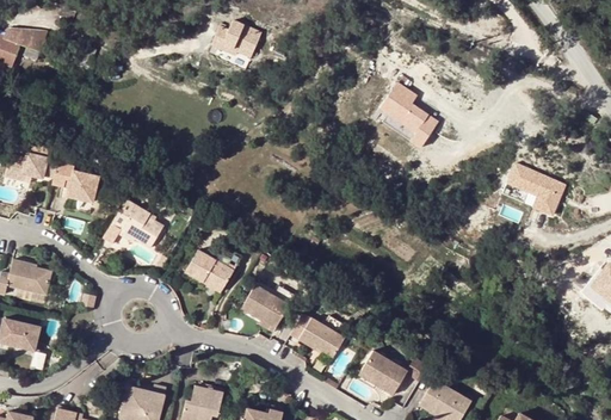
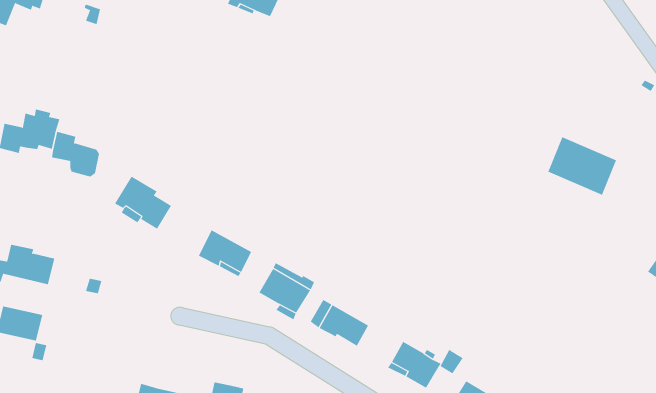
building: [381,82,439,148] -> none

